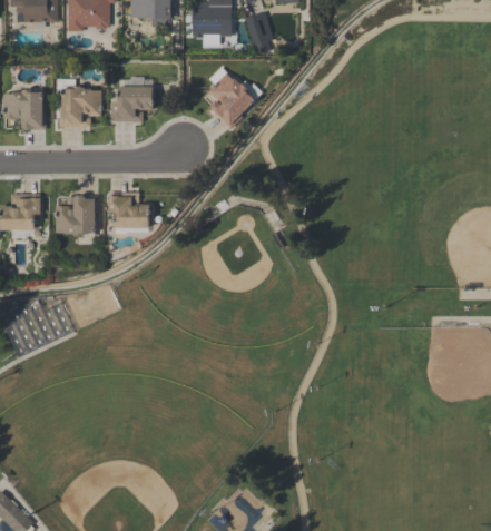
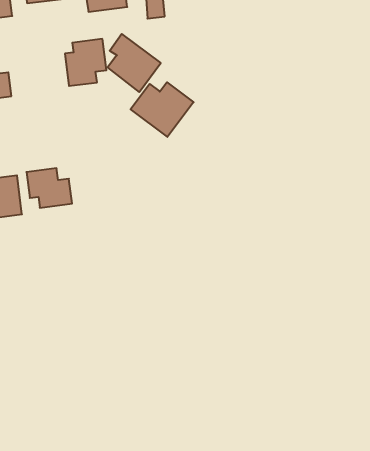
building: [112,78,153,121] -> [65,39,106,86]
building: none -> [131,82,194,137]

